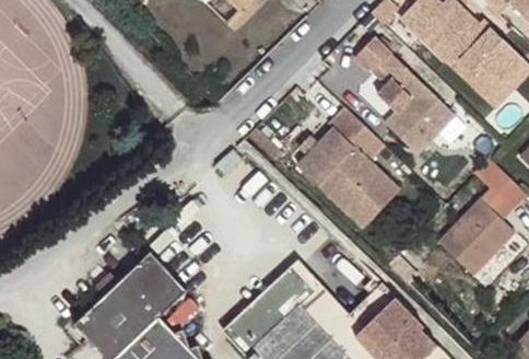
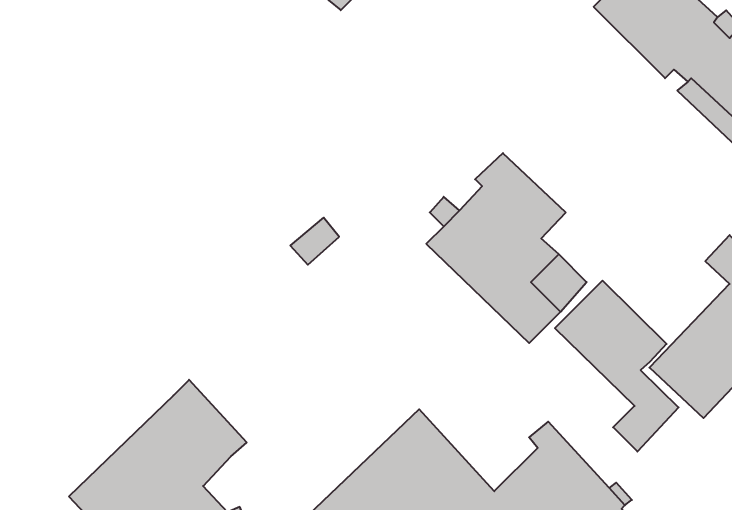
building: [357,35,458,155] -> none
building: none -> [555,281,679,452]

